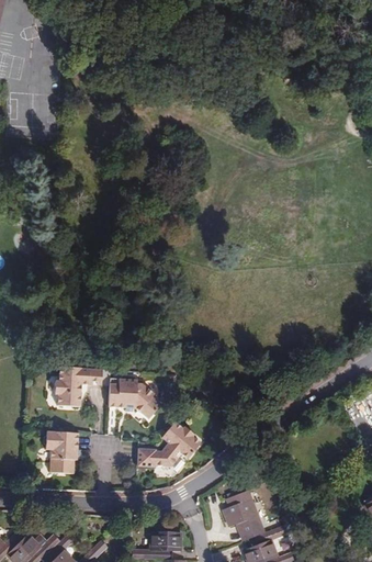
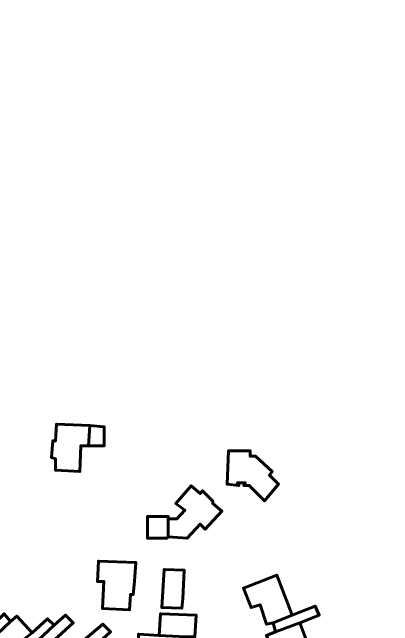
building: [110,380,154,423] -> [227,451,278,501]
building: [47,432,80,474] -> [97,561,136,610]
building: none -> [162,569,184,608]

